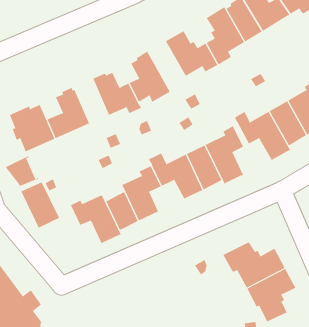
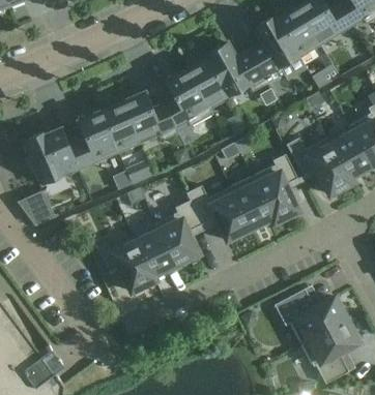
building: none -> [184,56,229,115]
building: none -> [99,99,139,152]
building: [18,181,60,228] -> none

